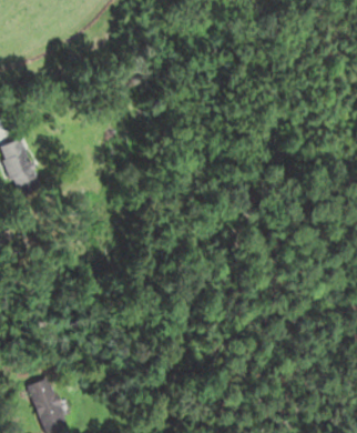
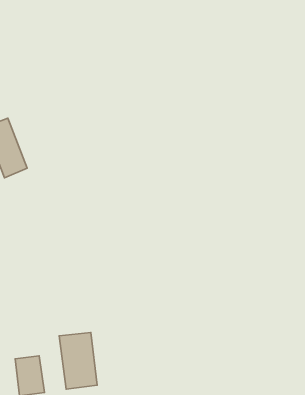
building: none -> [59,333,97,389]

